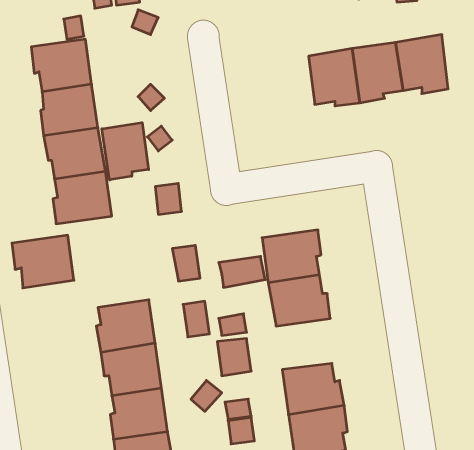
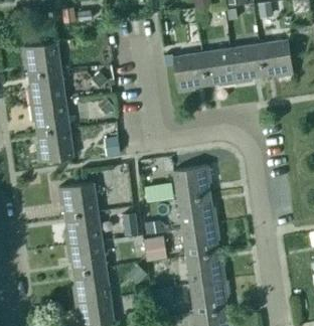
building: none -> [163,53,206,92]
building: [102,123,149,180] -> none
building: [12,235,74,288] -> [58,182,99,216]
building: none -> [181,223,219,257]

